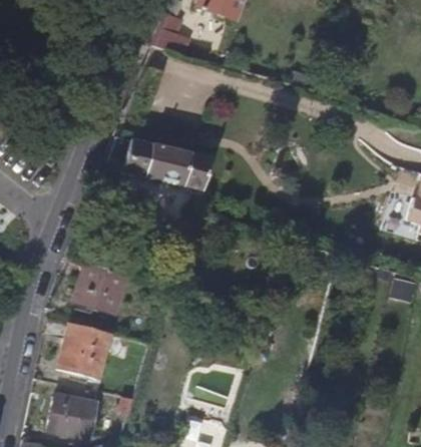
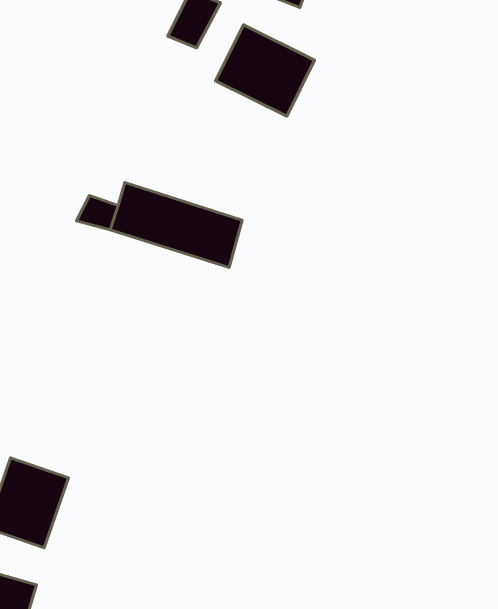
building: none -> [216,25,315,116]
building: [74,263,126,314] -> none

